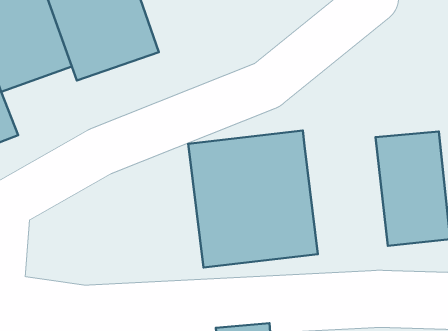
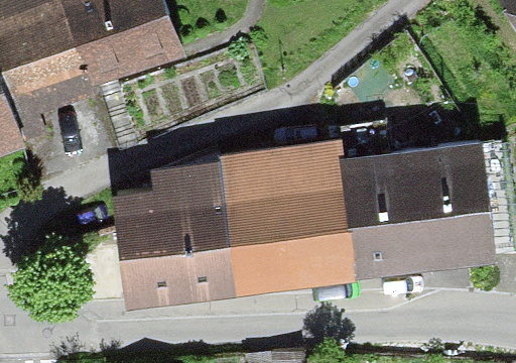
building: none -> [339,150,427,275]
building: none -> [112,165,231,302]

